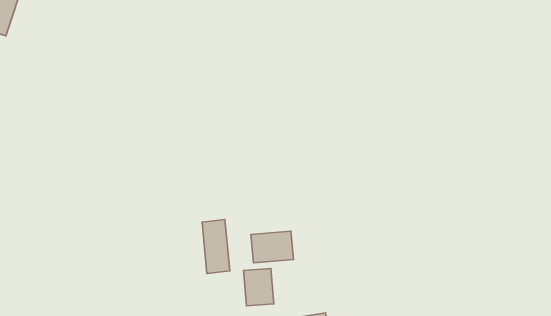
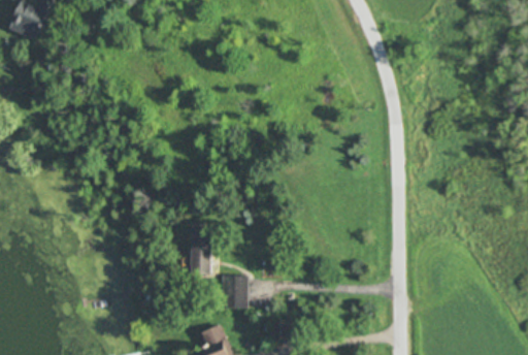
building: [251,231,294,263] -> none

